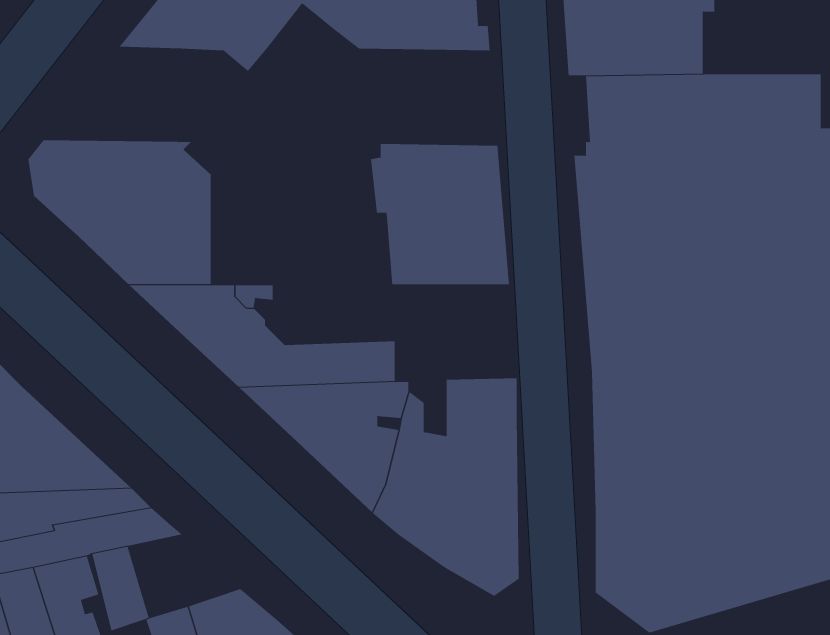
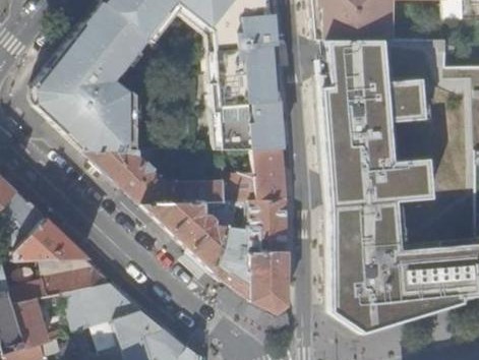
building: none -> [41,25,148,75]
building: none -> [206,26,280,77]
building: none -> [226,151,290,201]
building: none -> [85,282,144,325]

